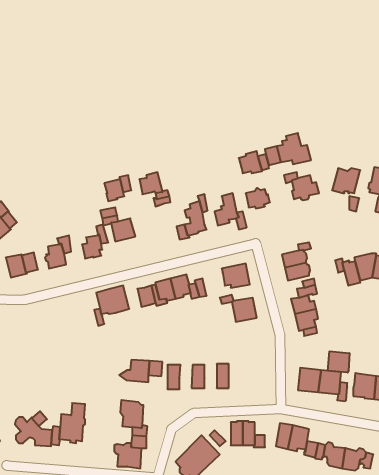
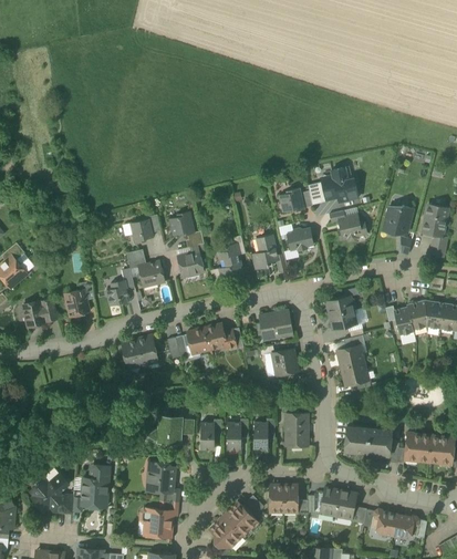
building: none -> [177,251,204,276]
building: [328,351,349,373] -> none
building: none -> [285,413,308,446]

